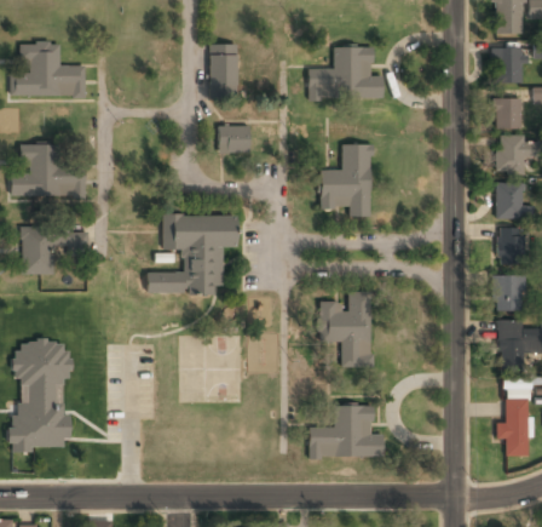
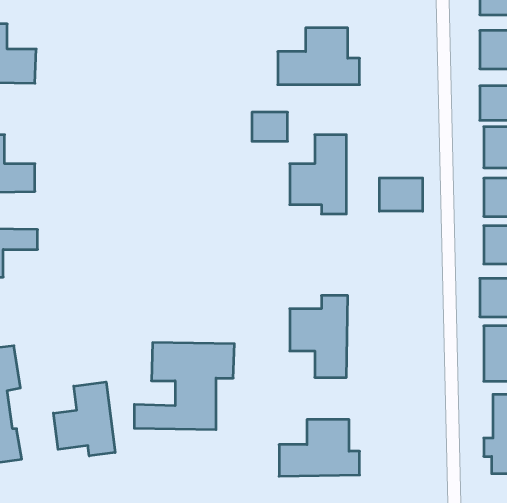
building: [211,45,236,96] -> none
building: [219,127,252,154] -> [252,112,288,141]
building: none -> [379,178,423,211]
building: [145,216,237,296] -> [134,343,234,430]
building: none -> [53,382,115,456]

